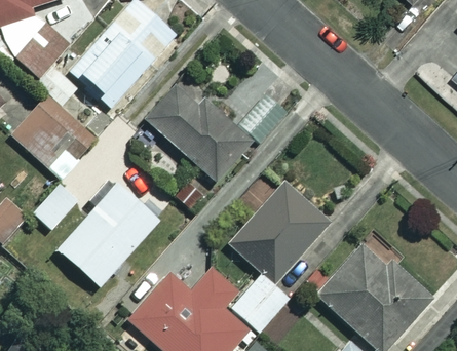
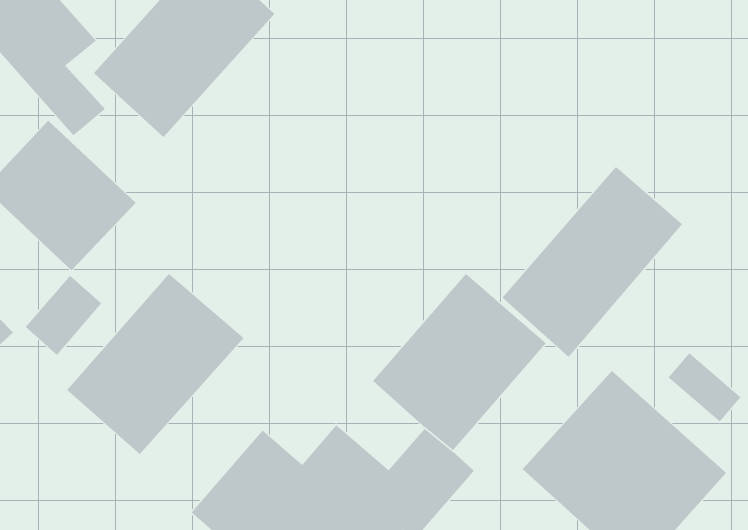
building: [147,79,289,181] -> none
building: none -> [501,166,683,358]

